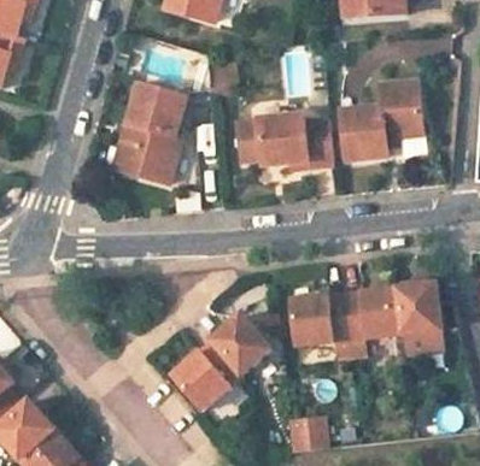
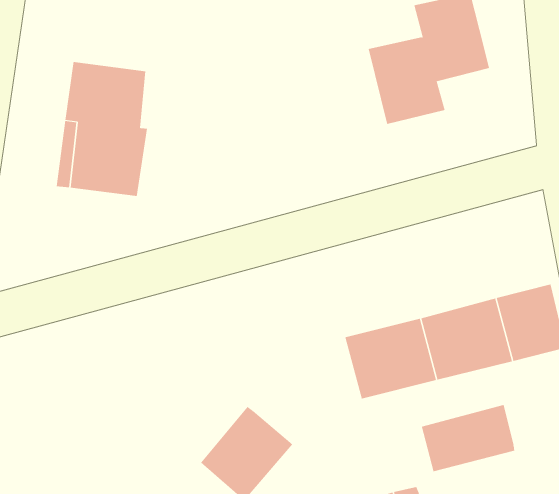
building: [254,113,329,165] -> none
building: [215,313,273,371] -> none
building: none -> [421,404,515,472]

